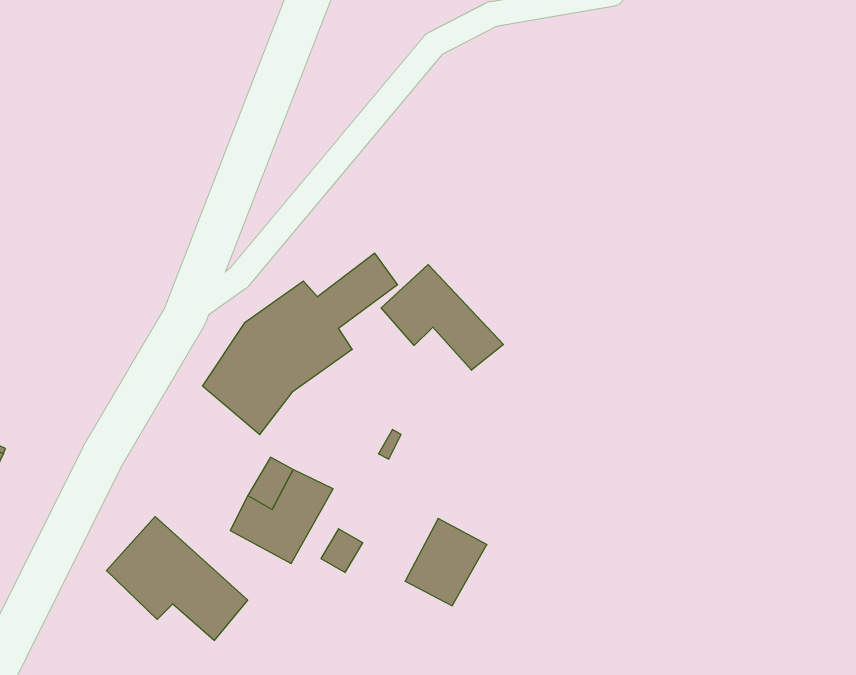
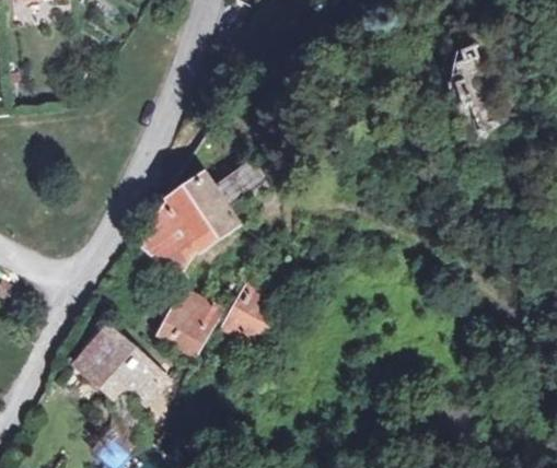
building: [381,265,503,370] -> none
building: [405,518,487,606] -> [224,288,276,342]

